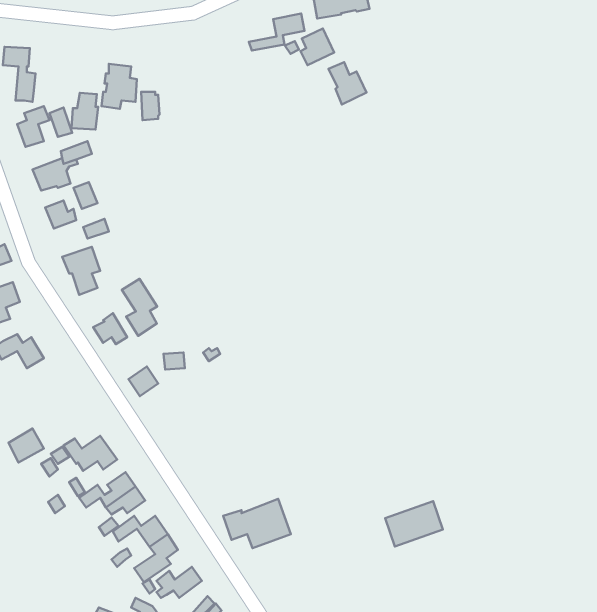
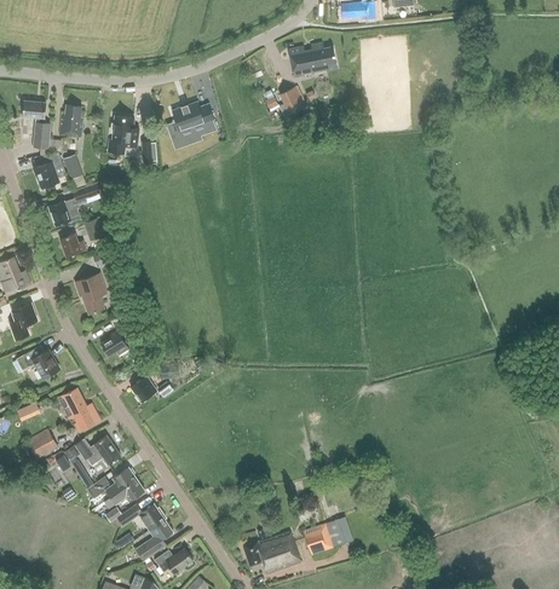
building: [249,14,305,51] -> none
building: none -> [173,103,215,139]
building: [328,62,367,104] -> none
building: [71,93,98,129] -> [59,105,82,137]
building: [122,279,157,336] -> none
building: none -> [59,388,100,432]
building: [223,499,291,548] -> [242,531,300,573]
building: [385,501,443,546] -> [302,516,352,555]

